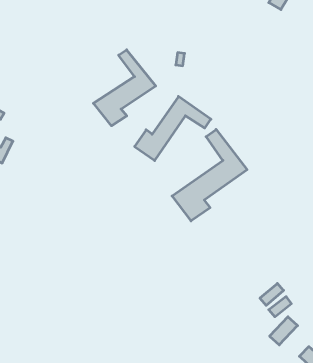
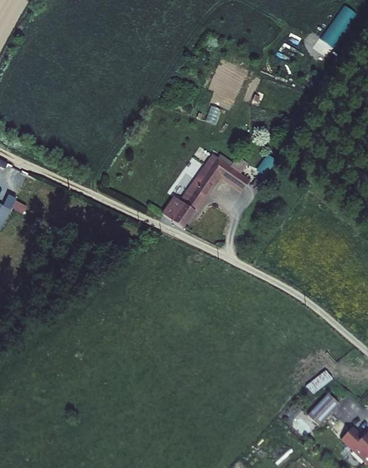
building: [93,50,156,126] -> none
building: [172,129,247,221] -> none

